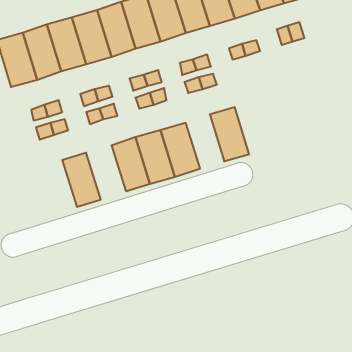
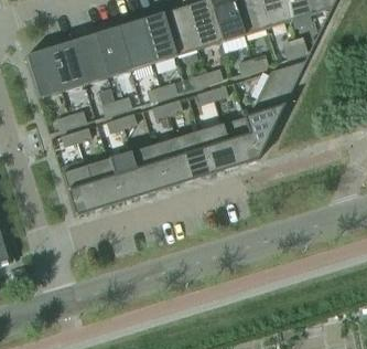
building: none -> [244,57,305,159]
building: none -> [198,123,234,172]
building: none -> [107,151,143,201]
building: none -> [61,165,98,215]

